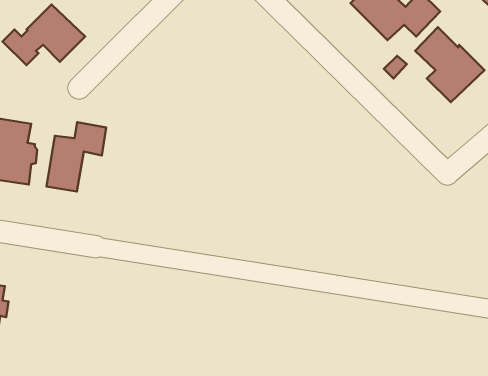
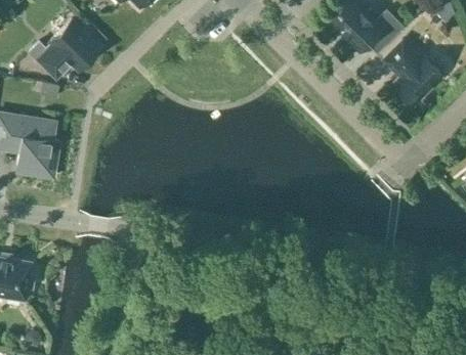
building: [47,122,106,191] -> none

